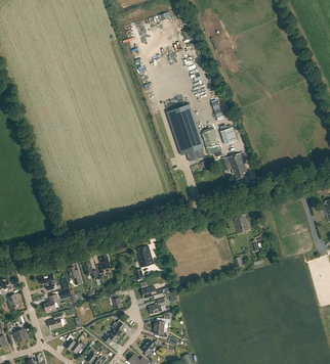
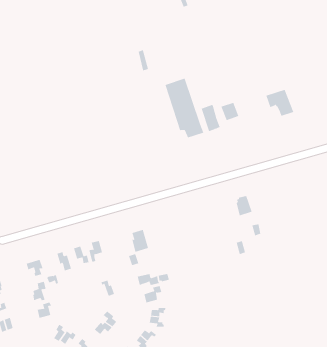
building: [222,153,249,179] -> [265,89,294,116]

